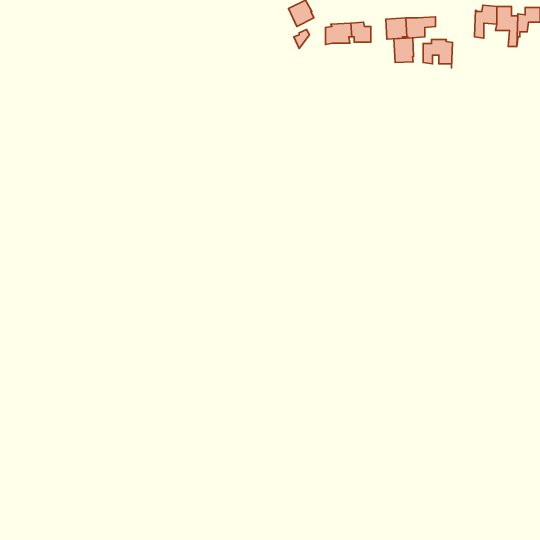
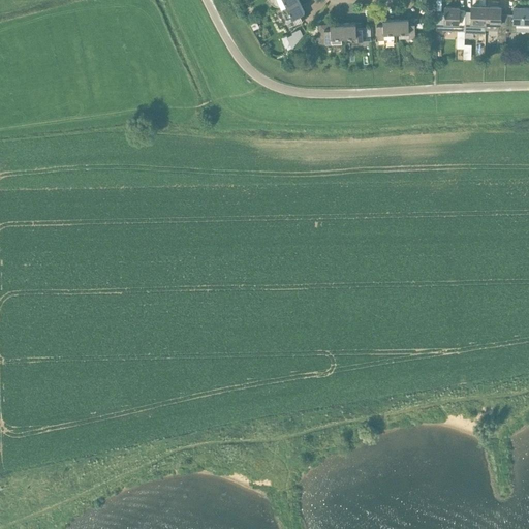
building: [394,38,414,63] -> none
building: [423,39,453,68] -> [436,7,465,35]

